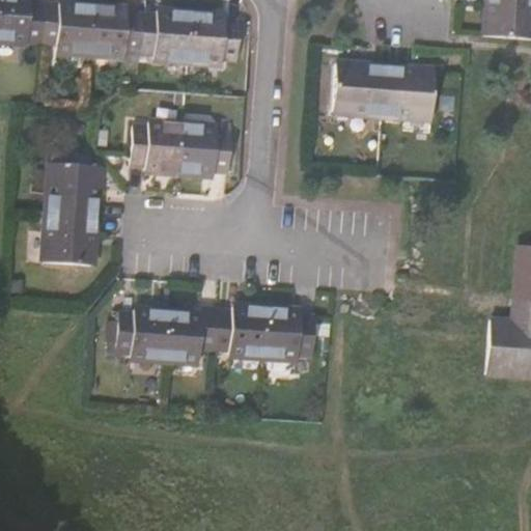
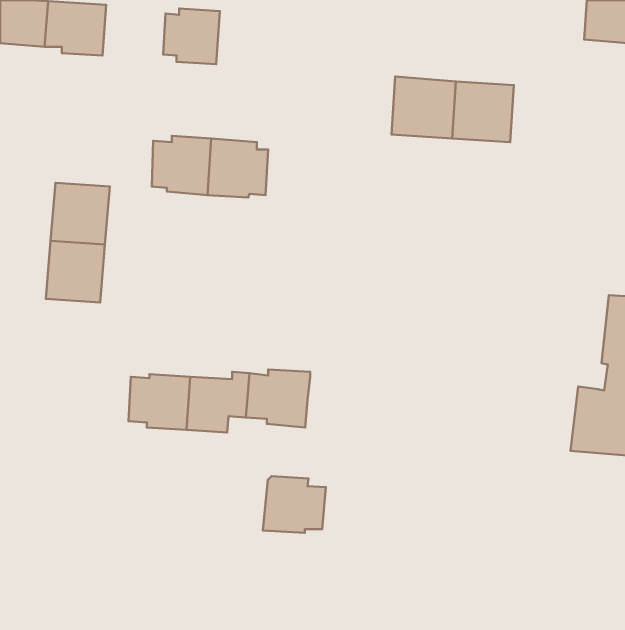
building: [91,5,144,50] -> none
building: [187,10,240,56] -> none
building: [261,314,314,362] -> [263,476,326,533]

